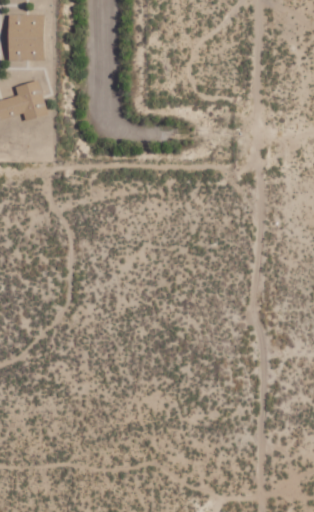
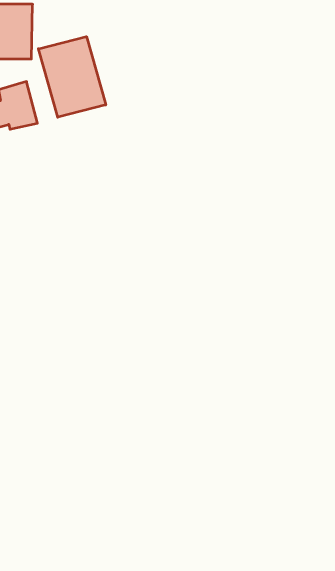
building: none -> [38,37,106,117]

